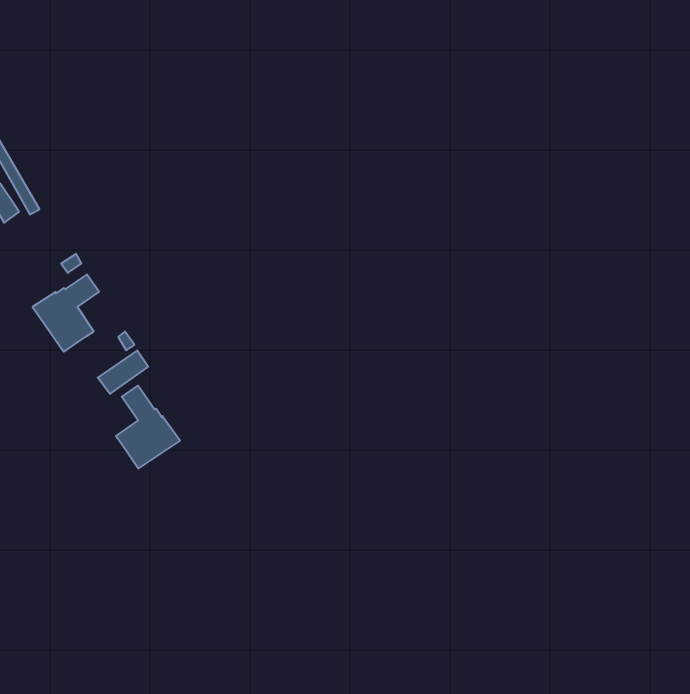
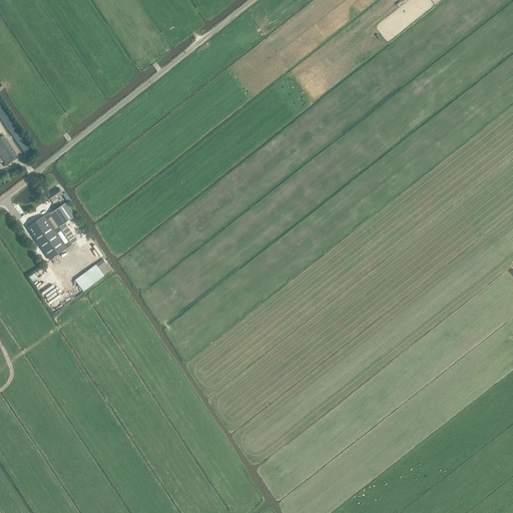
building: [116,386,180,468] -> none

